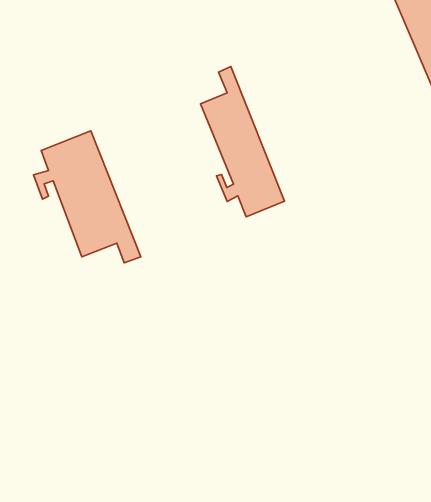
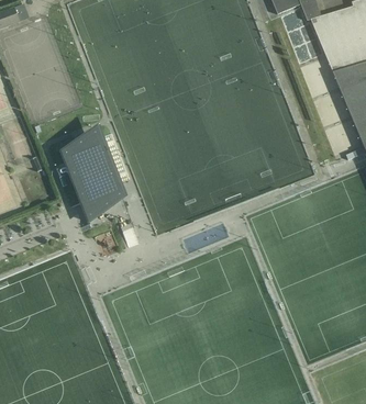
building: [201,66,285,217] -> none

